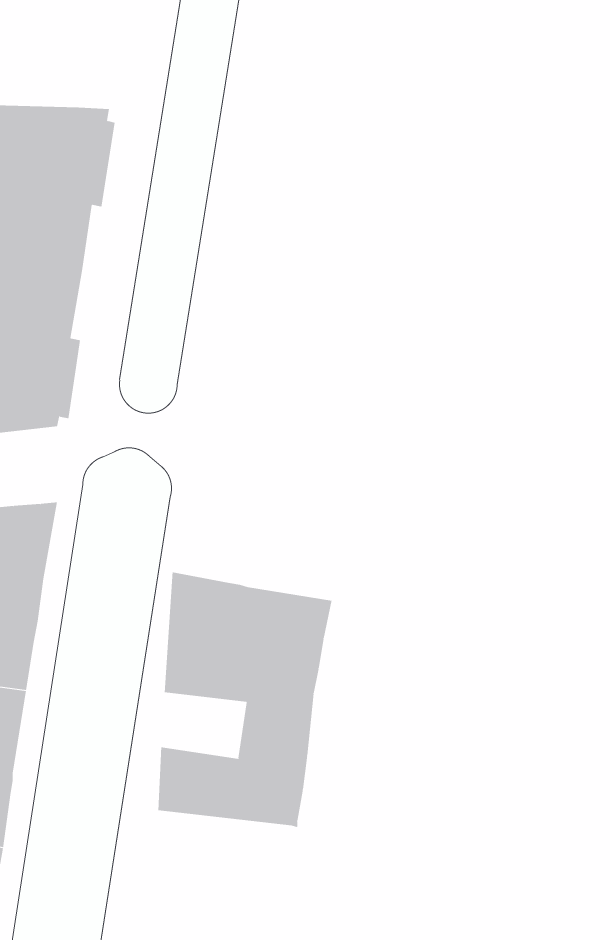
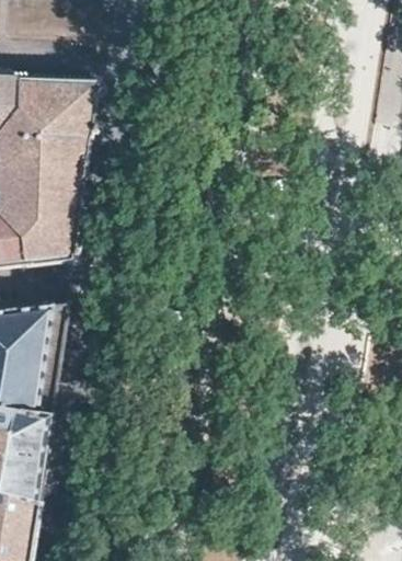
building: [158,572,332,828] -> none

